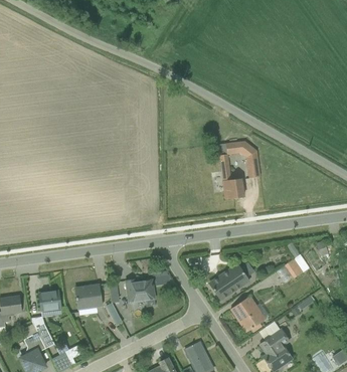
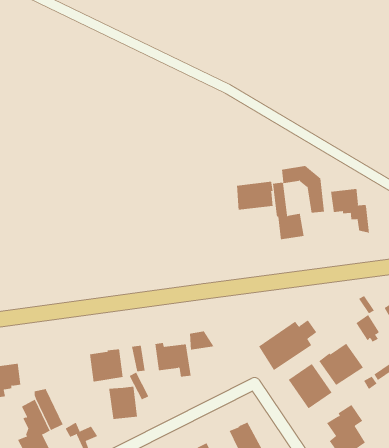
building: none -> [237,181,273,210]
building: none -> [331,188,370,233]
building: none -> [319,343,364,386]
building: [38,291,61,317] -> [109,386,138,419]

